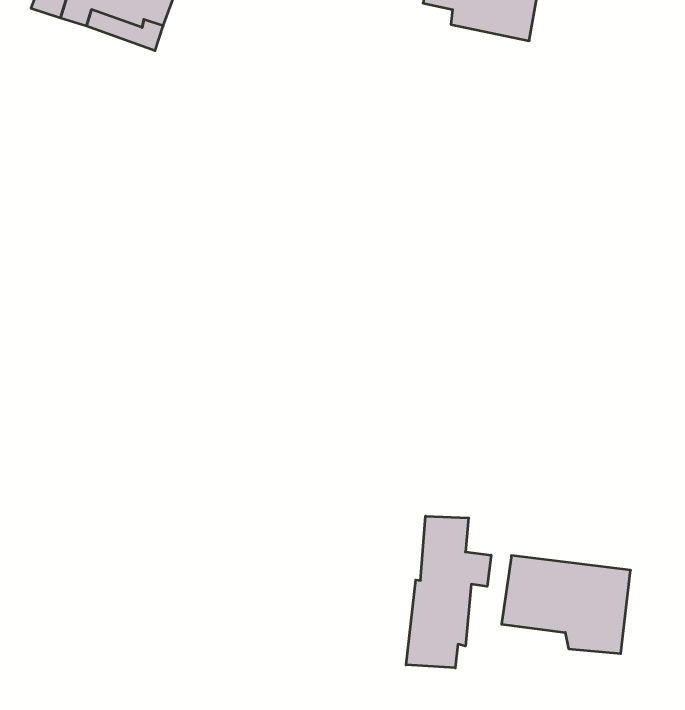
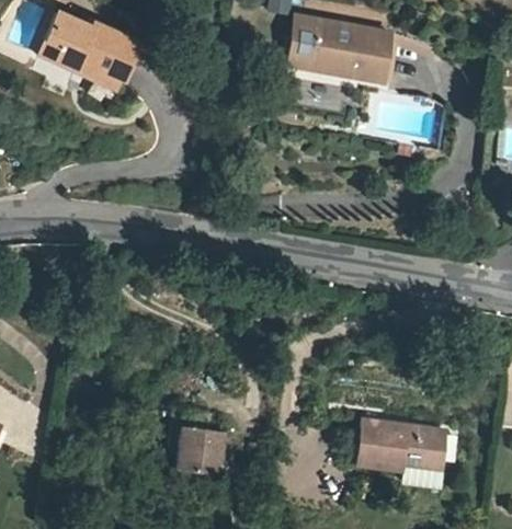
building: [406,516,491,668] -> none
building: none -> [168,416,223,482]

